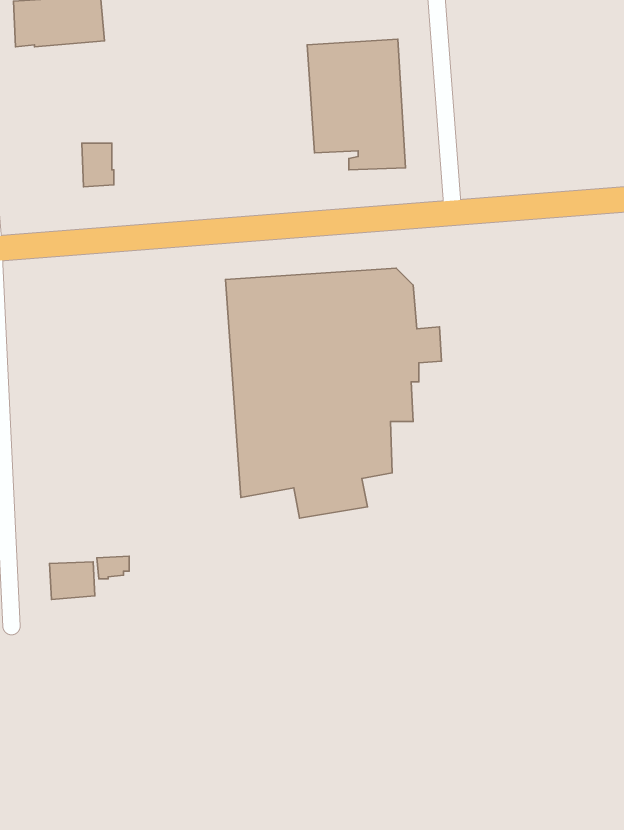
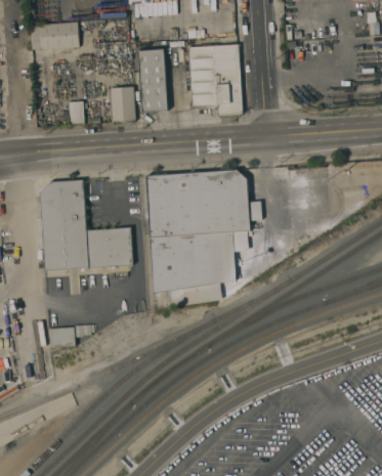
building: none -> [132,48,168,113]
building: none -> [111,86,136,122]
building: none -> [40,179,133,270]

